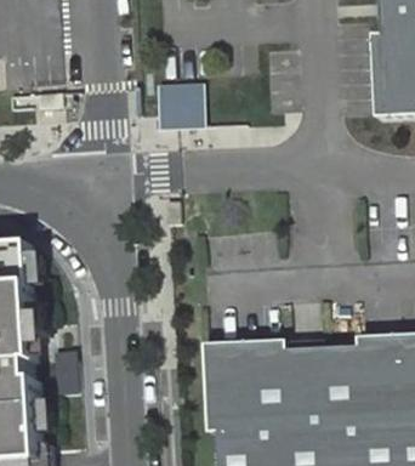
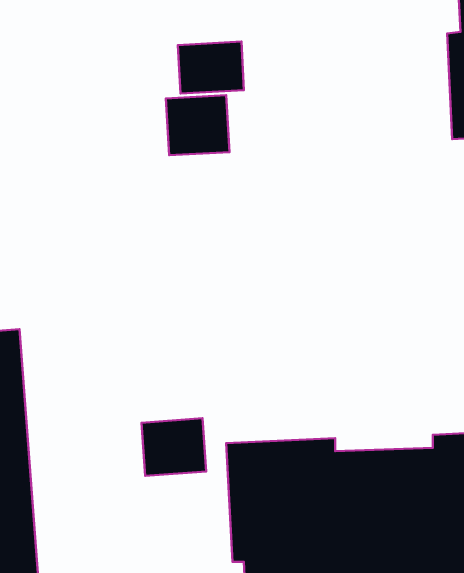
building: none -> [178,42,244,94]
building: none -> [141,418,206,476]

